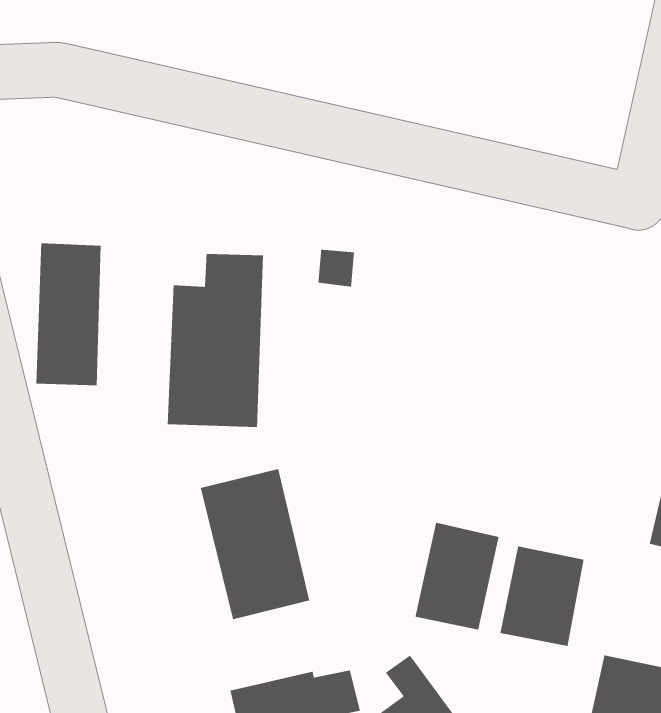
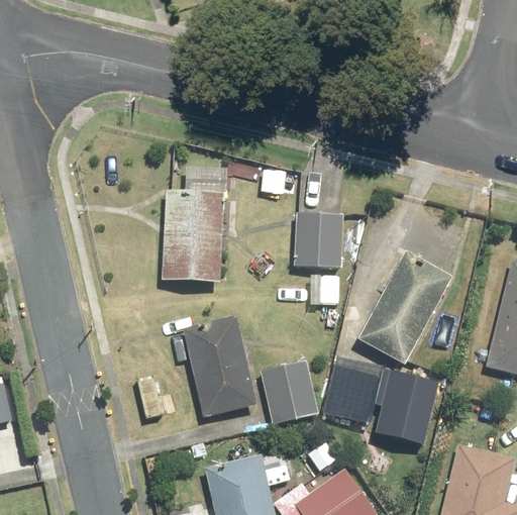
building: [35,243,101,386] -> none
building: none -> [293,211,343,271]
building: none -> [355,252,453,368]
building: none -> [258,359,322,431]

